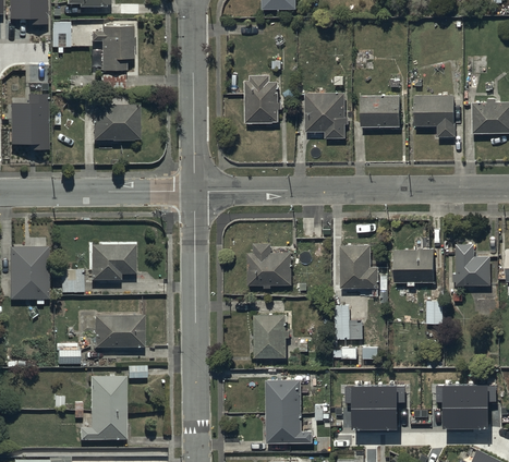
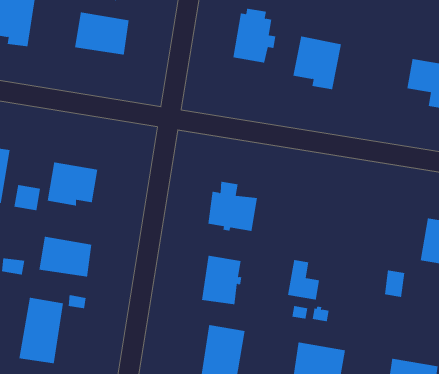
building: [361,96,399,126] -> none
building: [339,244,377,288] -> none
building: [392,247,434,282] -> none

